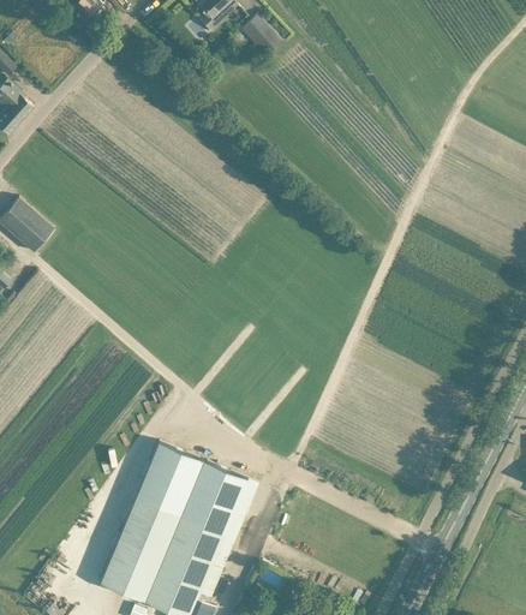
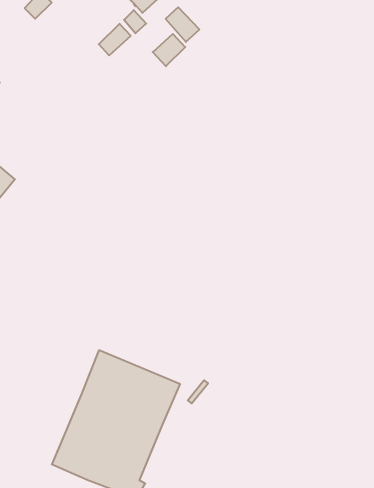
building: none -> [99,24,131,55]
building: none -> [153,34,185,66]

